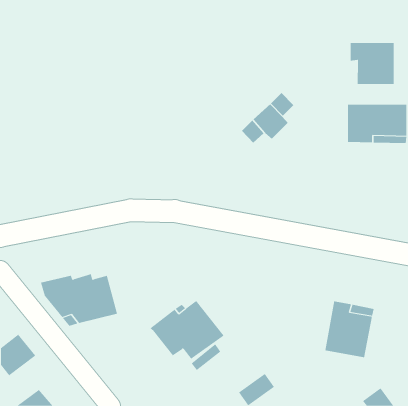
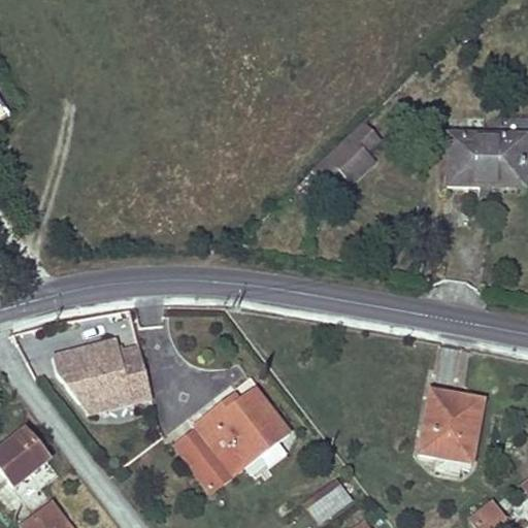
building: [350,42,394,85] -> none
building: none -> [177,425,248,487]

